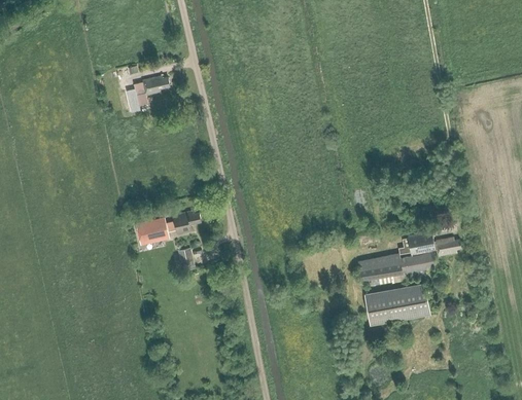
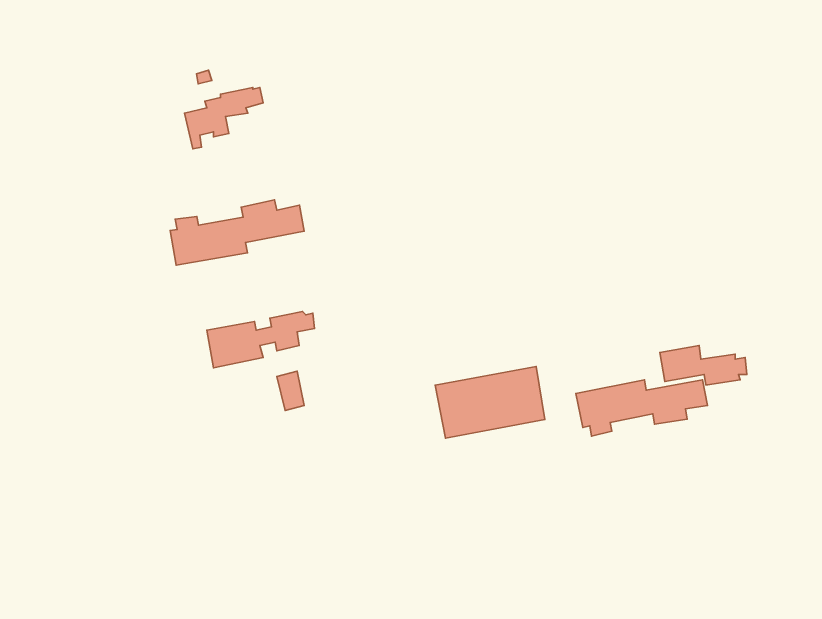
building: none -> [170,200,304,265]
building: [363,282,429,325] -> [435,366,545,438]

